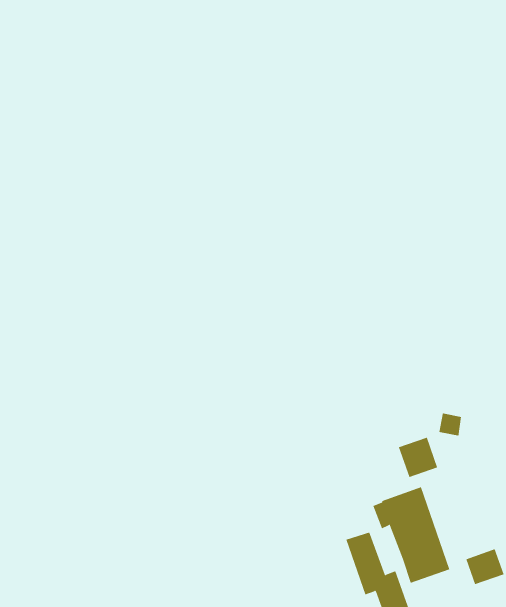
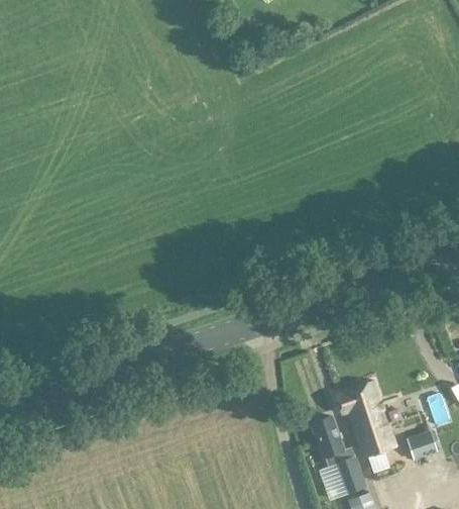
building: [398,437,438,478] -> none

